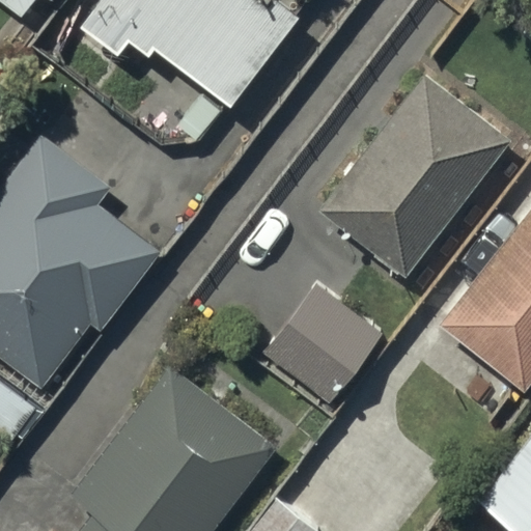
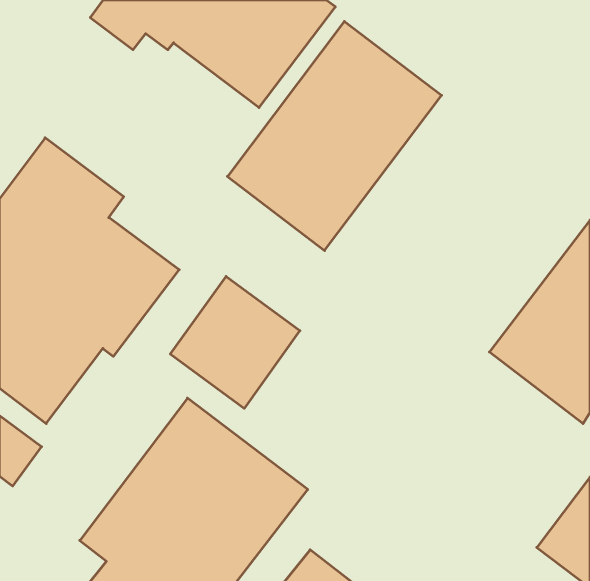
building: [319,73,511,278] -> [227,21,442,251]
building: [266,287,382,406] -> [170,276,300,408]

